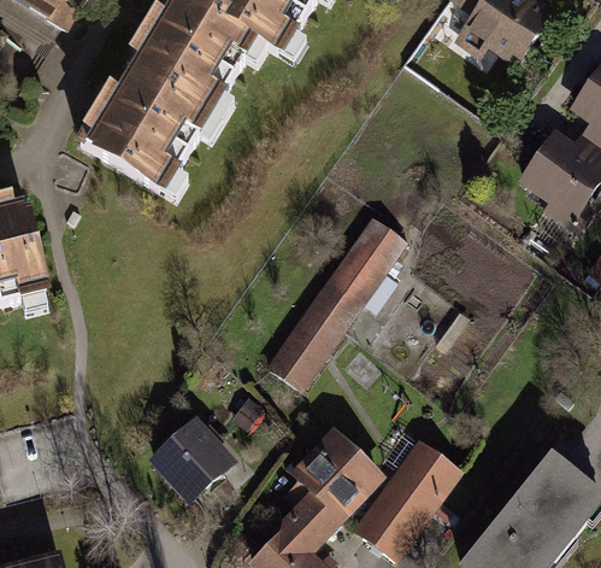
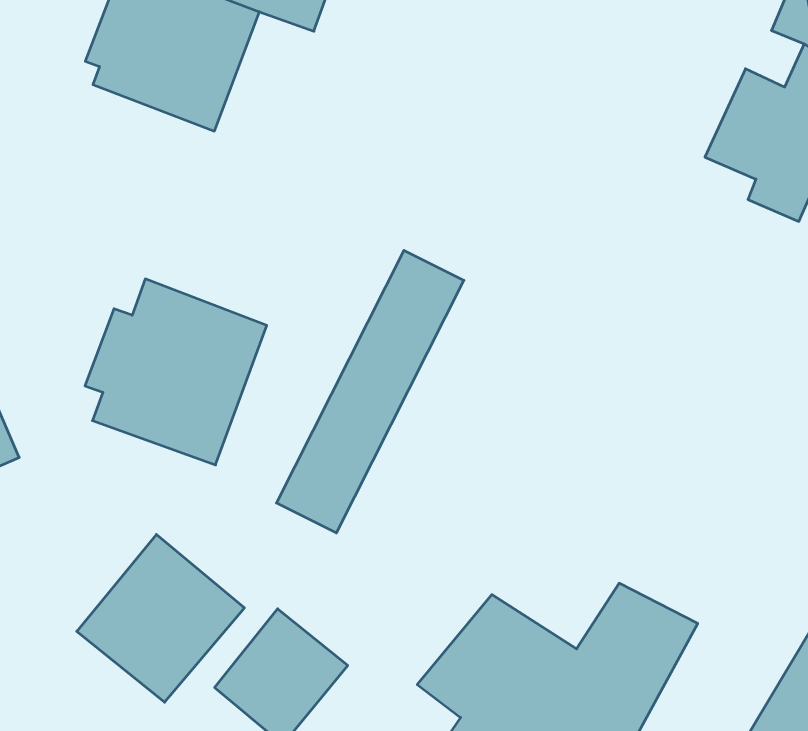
building: [86,64,207,189] -> [85,279,267,465]
building: [267,216,409,388] -> [276,250,464,533]
building: none -> [77,534,244,702]

